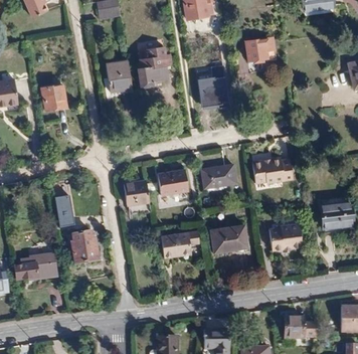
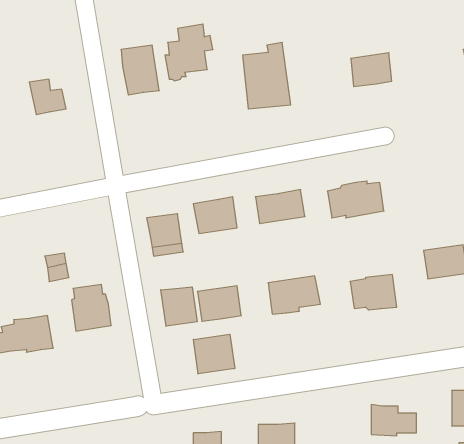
building: [246,38,276,62] -> [351,53,392,87]
building: none -> [161,287,197,326]
building: none -> [193,334,235,374]

